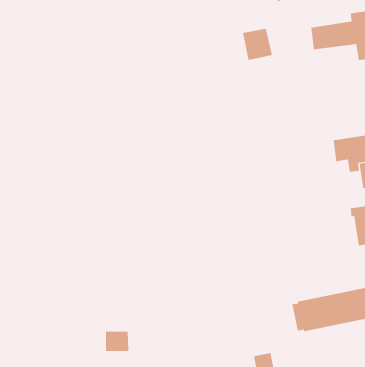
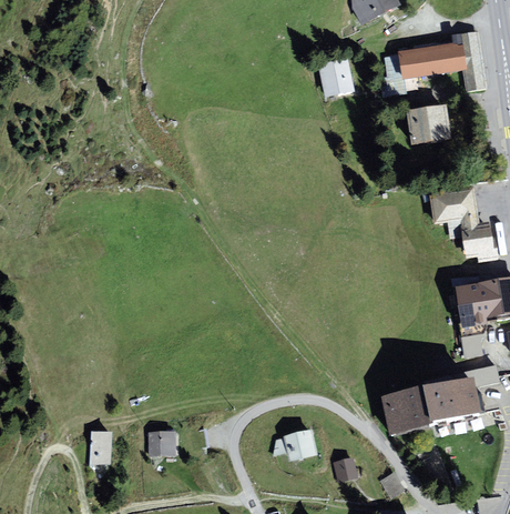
building: none -> [409,108,455,149]
building: none -> [89,429,112,462]
building: none -> [269,430,317,463]

